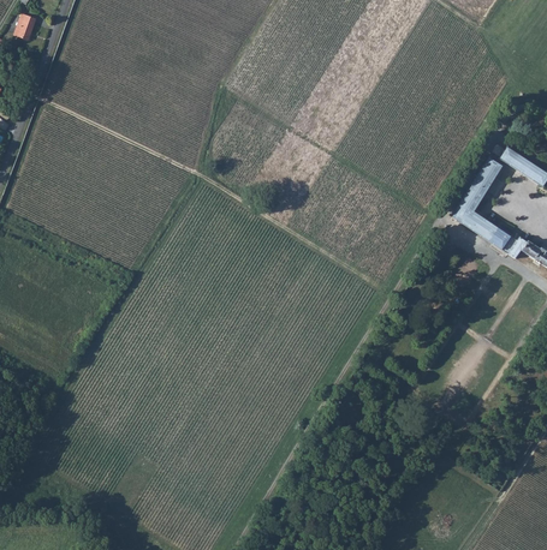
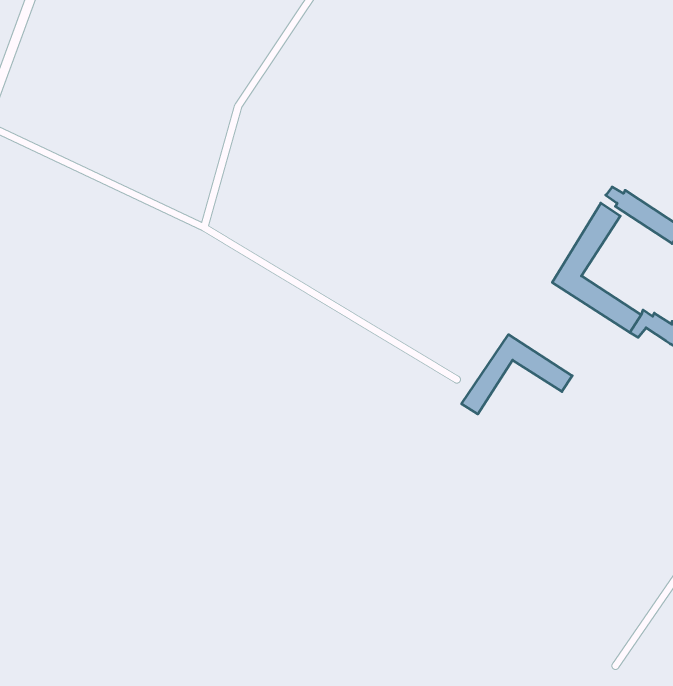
building: none -> [462,335,572,414]

